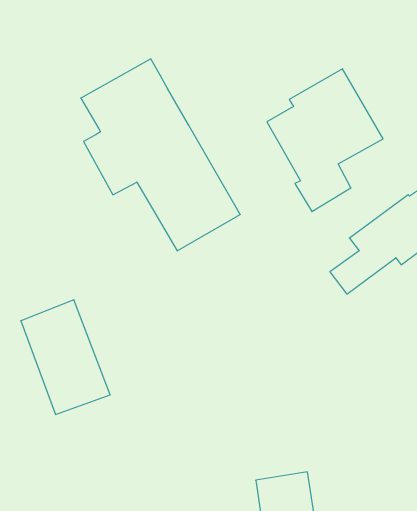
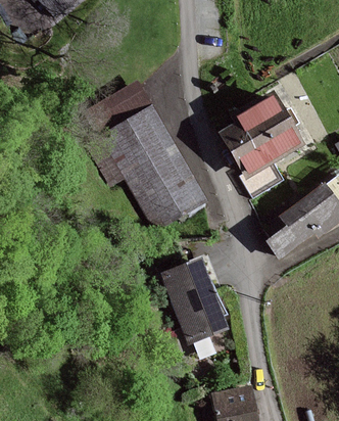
building: [21,300,110,415] -> [164,259,230,342]

